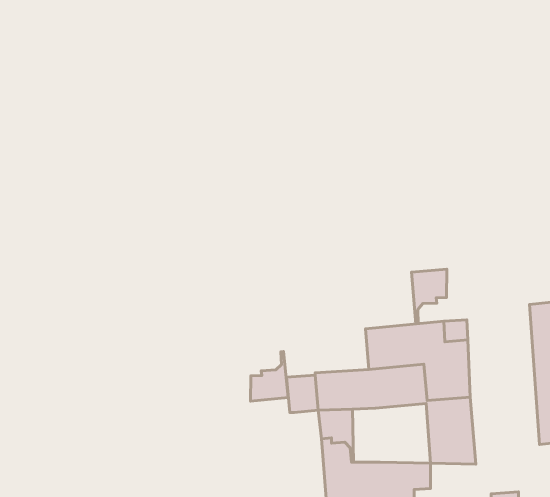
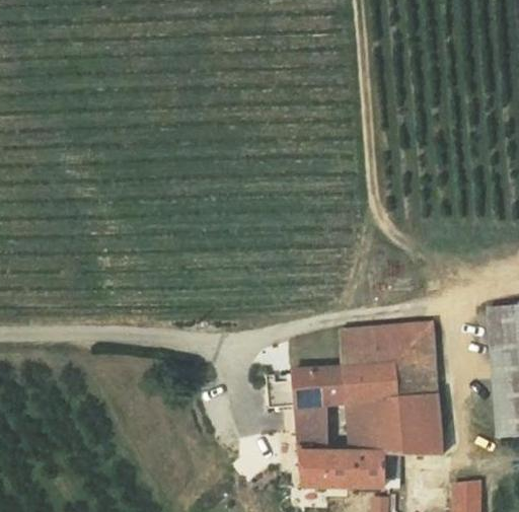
building: [411,269,447,324] -> none
building: [251,352,288,401] -> none
building: none -> [348,398,398,453]

